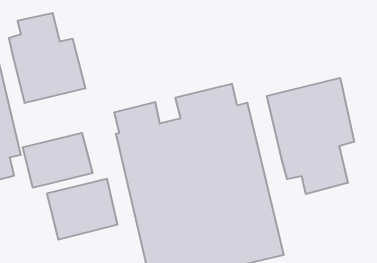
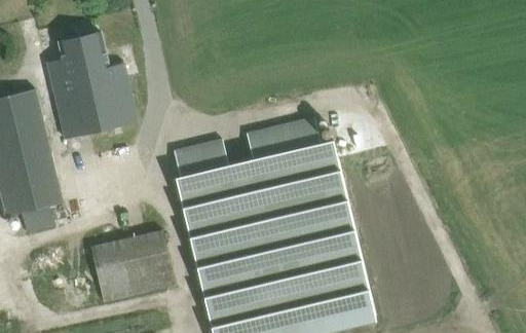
building: [267,78,354,194] -> none
building: [23,133,93,188] -> none

